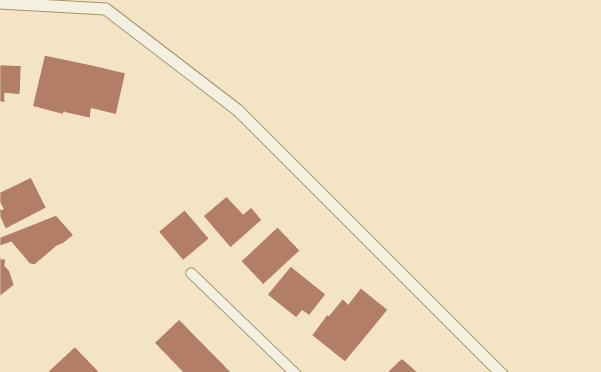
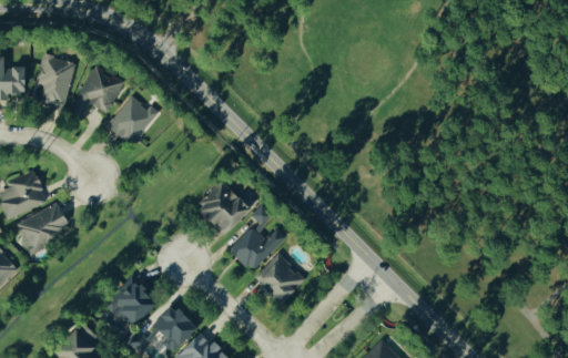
building: none -> [104,96,159,140]
building: [158,209,209,261] -> none
building: [311,288,388,362] -> none
building: none -> [114,283,155,325]

